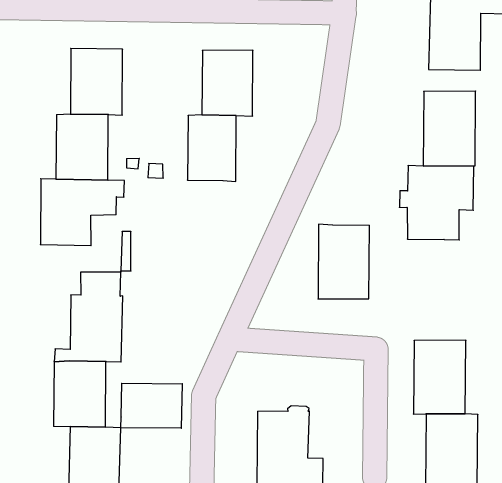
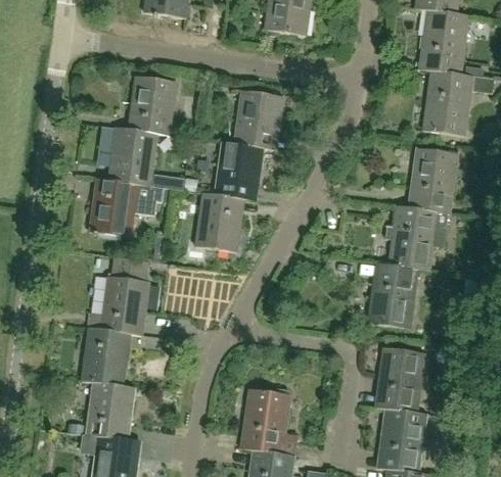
building: none -> [196,193,244,251]
building: [318,224,369,299] -> [368,263,417,328]
building: [121,383,182,428] -> none

